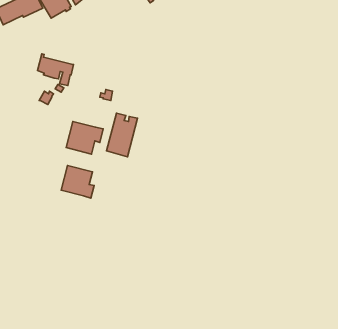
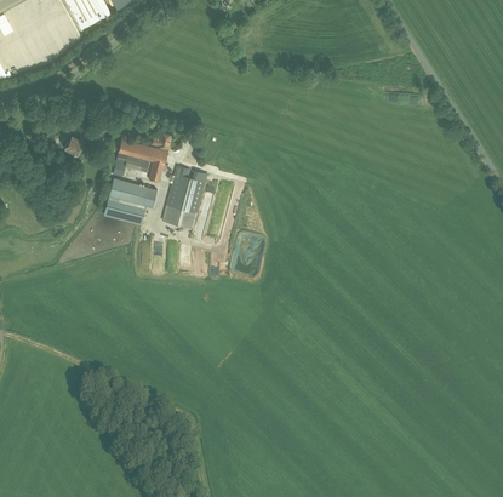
building: [37,54,74,86] -> [115,136,167,182]
building: [61,166,94,198] -> none

